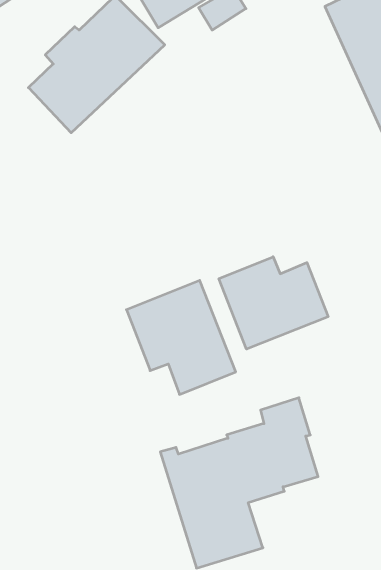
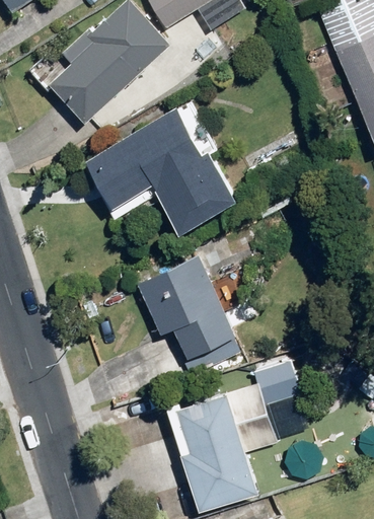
building: none -> [83,103,234,231]
building: [219,257,328,349] -> none

